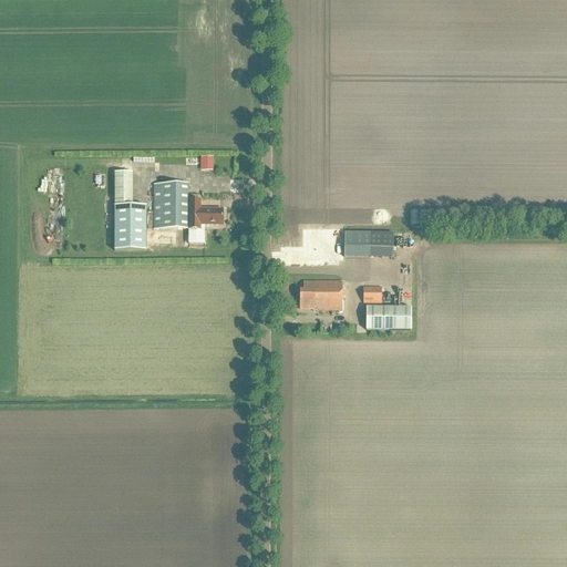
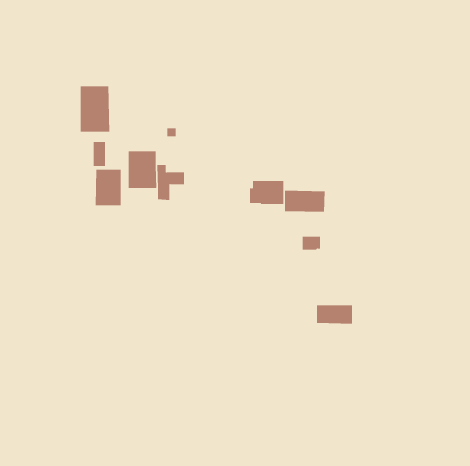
building: none -> [80,86,110,132]
building: [300,279,342,308] -> [249,181,284,205]
building: [367,306,411,329] -> [316,305,353,324]

